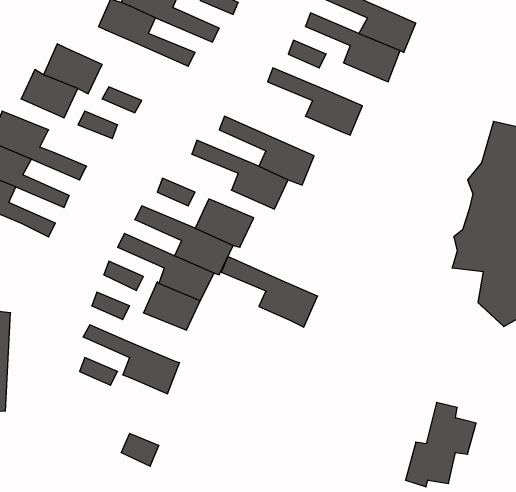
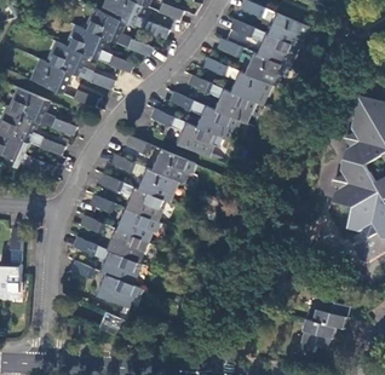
building: none -> [64,24,132,73]
building: none -> [243,52,283,86]
building: [221,256,318,327] -> [186,74,254,123]
building: none -> [105,229,145,262]
building: none -> [97,275,138,308]

